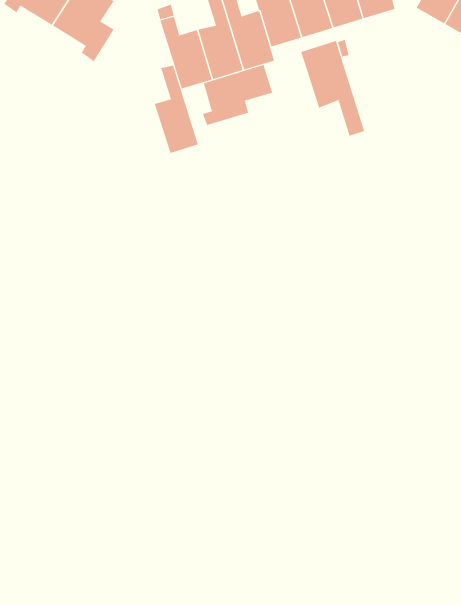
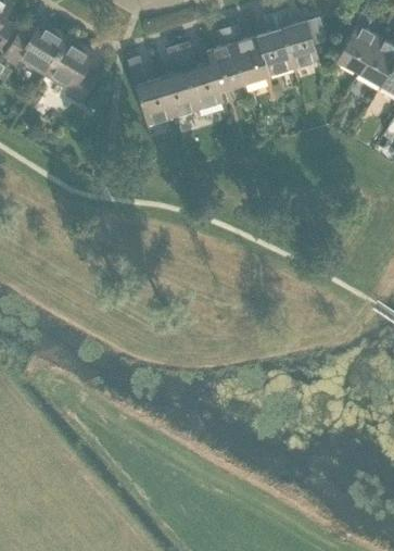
building: [300,40,365,137] -> none
building: [202,64,273,126] -> none
building: [154,65,199,154] -> none

